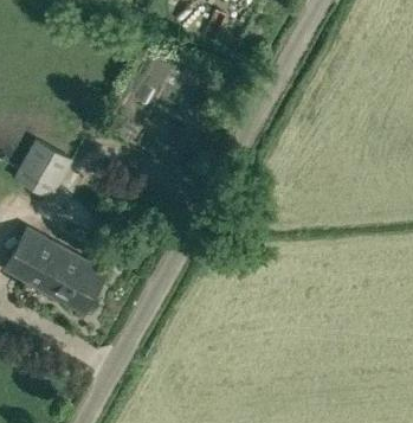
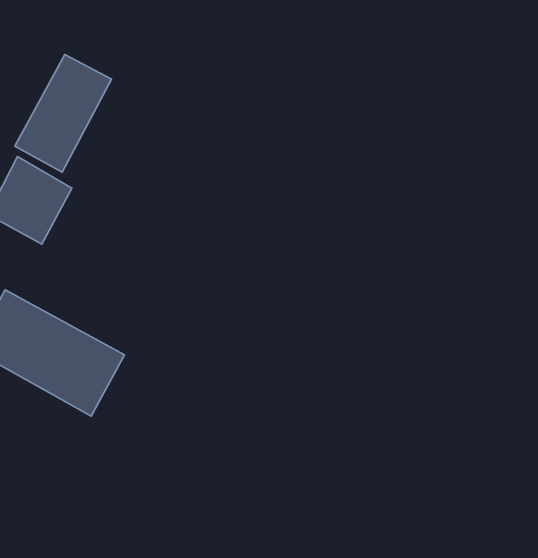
building: none -> [15,54,112,172]

